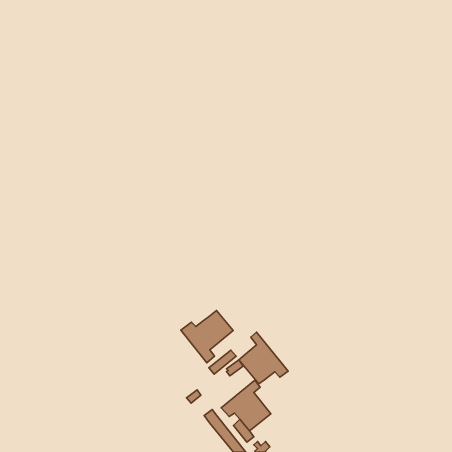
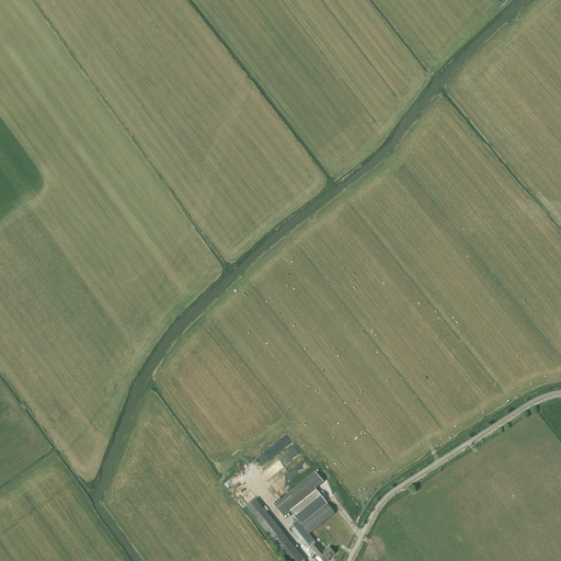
building: [181,311,233,363] -> none
building: [239,332,288,384] -> none

